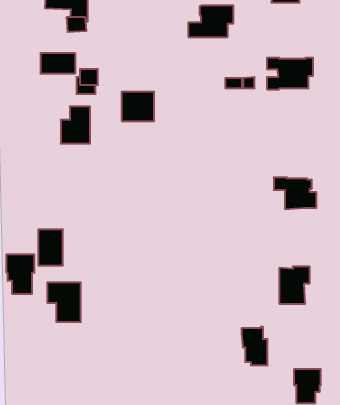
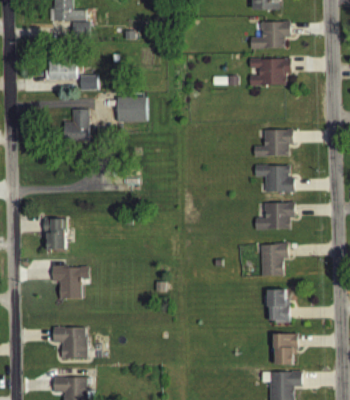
building: [188,5,233,37] -> [250,22,290,50]
building: none -> [253,130,292,158]
building: none -> [255,203,294,230]
building: [7,254,34,294] -> none
building: [242,327,268,365] -> [266,290,289,324]
building: none -> [56,320,90,351]

